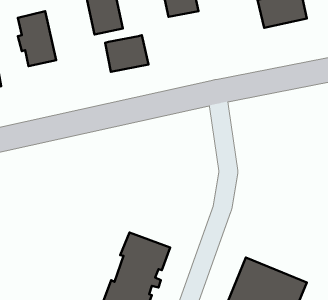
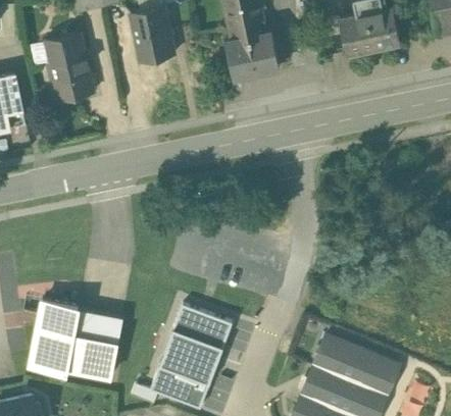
building: [105,35,148,72] -> [227,33,280,77]
building: none -> [30,301,121,378]

